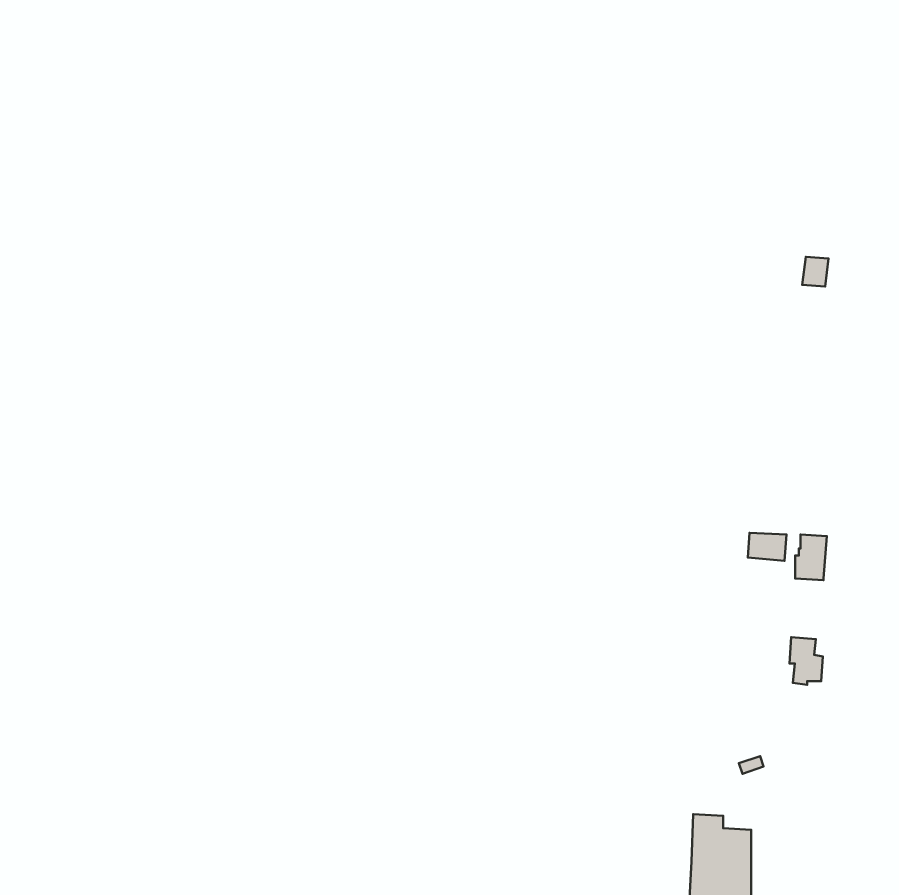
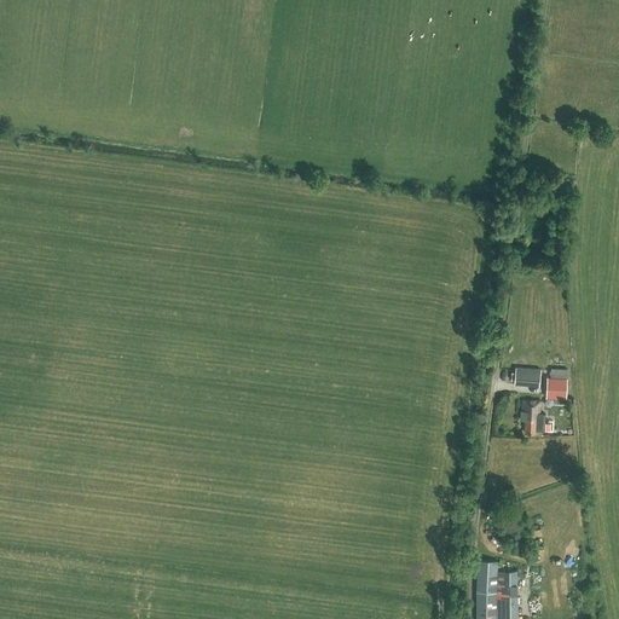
building: [789,637,823,685] -> [522,403,545,435]

